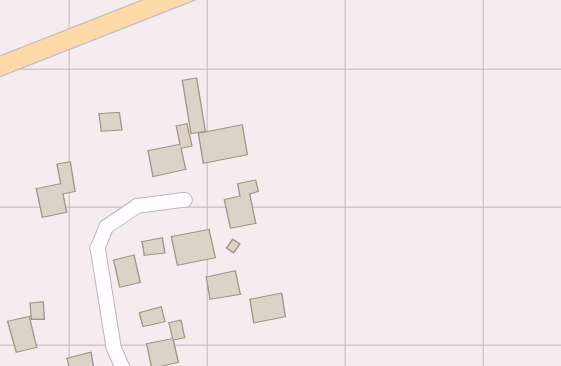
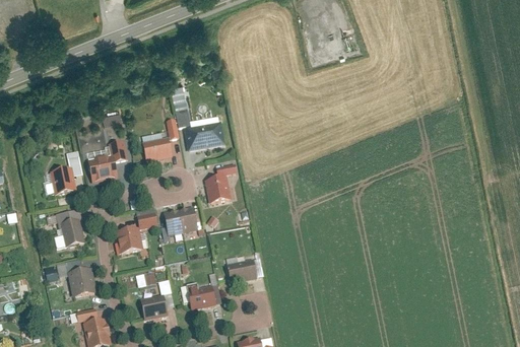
building: none -> [88,141,130,183]
building: none -> [57,211,85,248]
building: [206,271,241,299] -> [189,287,217,310]
building: [7,316,37,352] -> [67,269,91,298]

